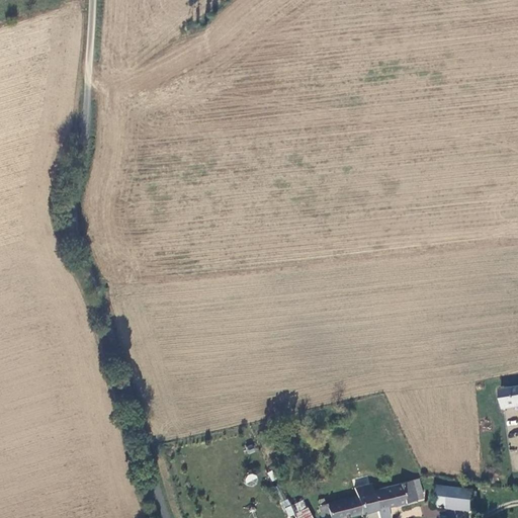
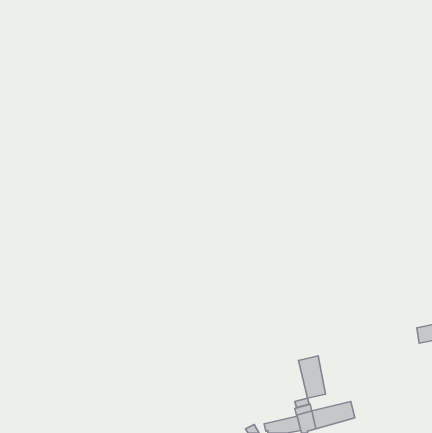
building: none -> [298,356,326,398]
building: [435,489,476,512] -> none

